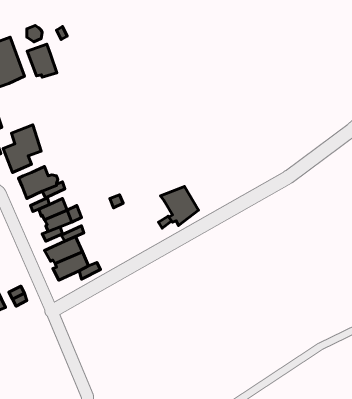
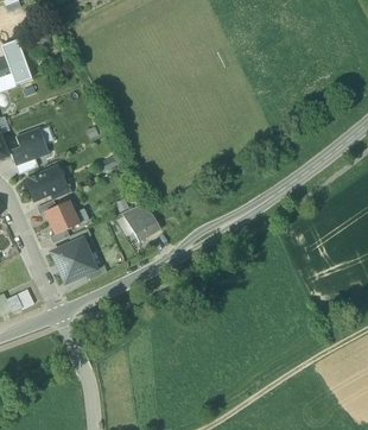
building: [27,44,57,77] -> none
building: [161,186,199,226] -> [121,202,159,241]

